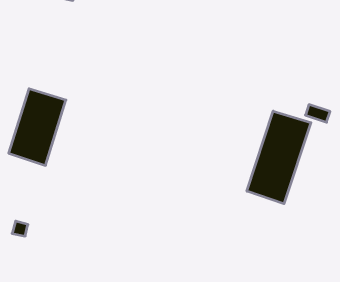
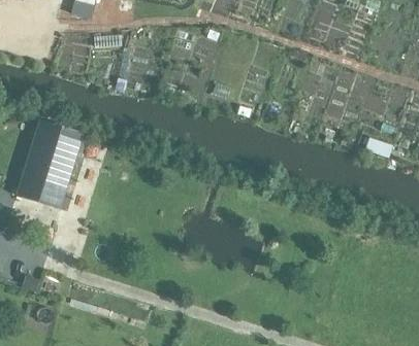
building: [247,111,311,204] -> none

